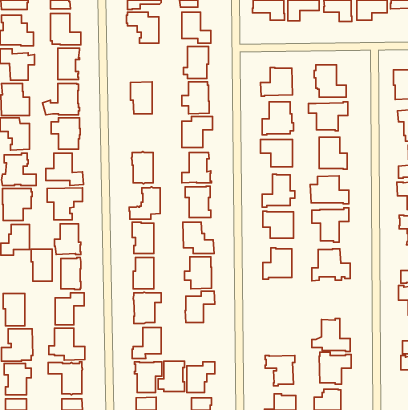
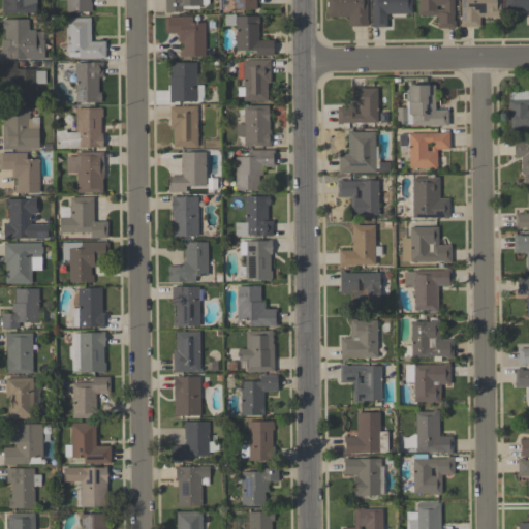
building: none -> [170,62,205,101]
building: none -> [169,151,207,193]
building: [31,249,52,281] -> [6,333,33,374]
building: none -> [406,363,450,401]
building: none -> [341,365,382,403]
building: none -> [345,412,388,454]
building: [158,361,185,392] -> [241,422,275,461]

